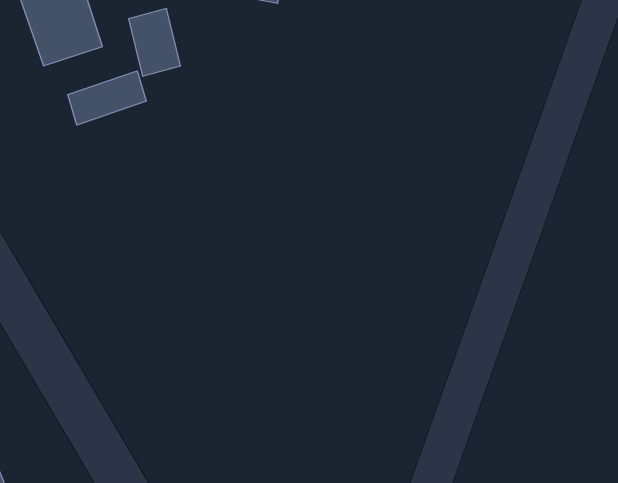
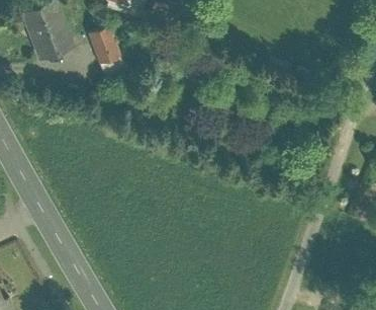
building: [68,71,146,125] -> none

